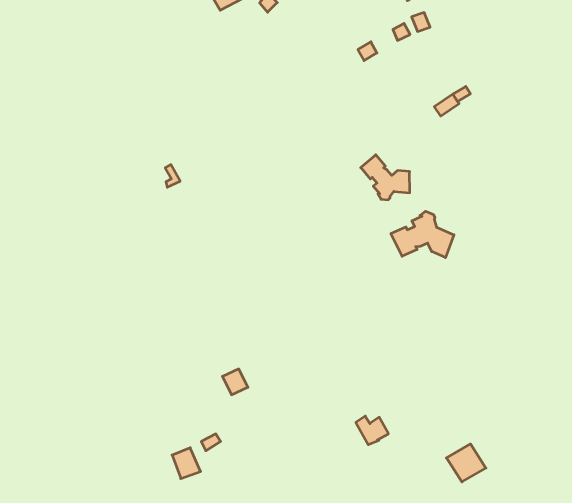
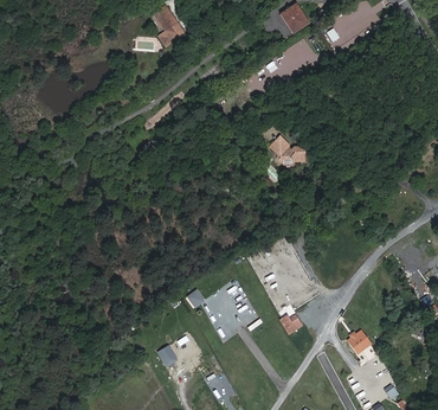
building: [391,211,454,258] -> none

